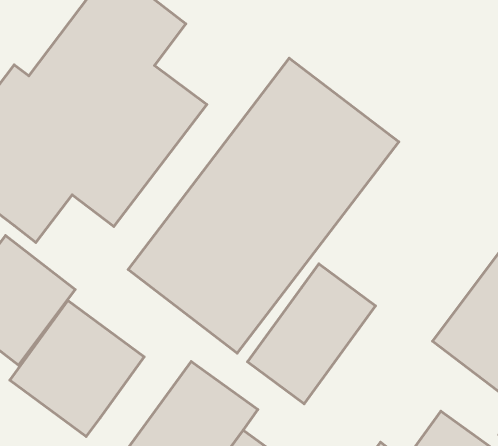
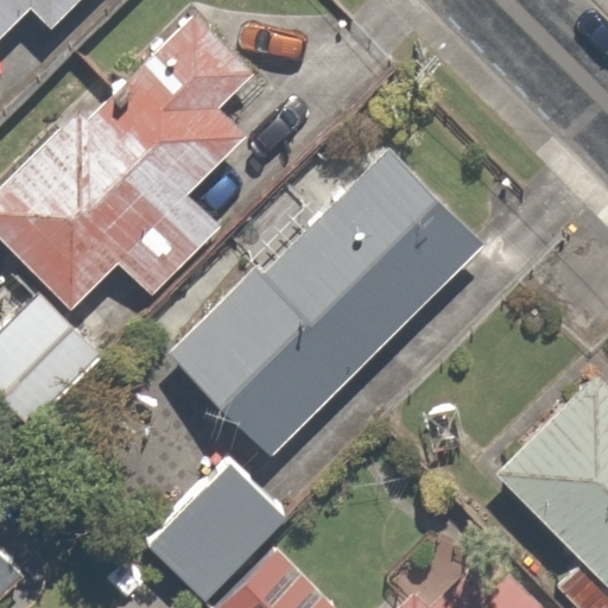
building: [248,264,376,404] -> none
building: [10,301,144,437] -> none

